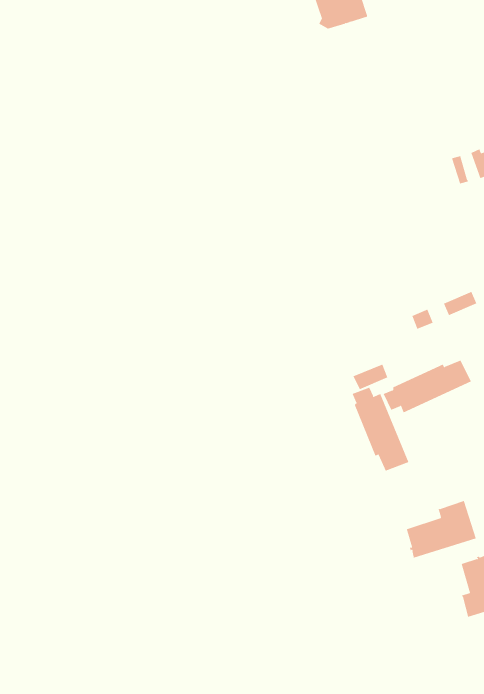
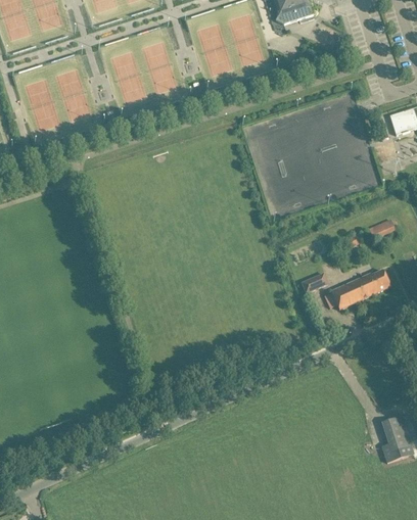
building: [352,387,409,471] -> none
building: [406,500,476,558] -> none

